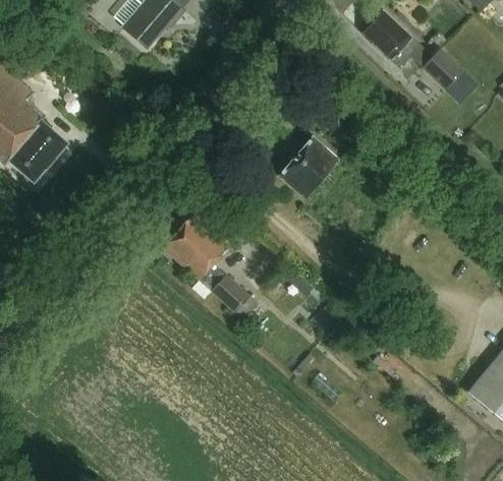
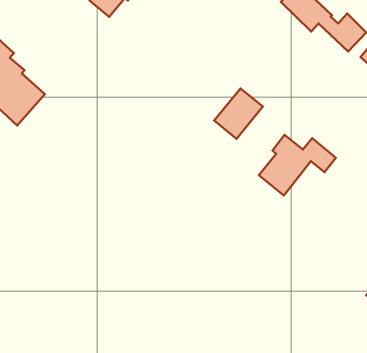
building: none -> [259,135,336,196]
building: [162,213,256,312] -> none

